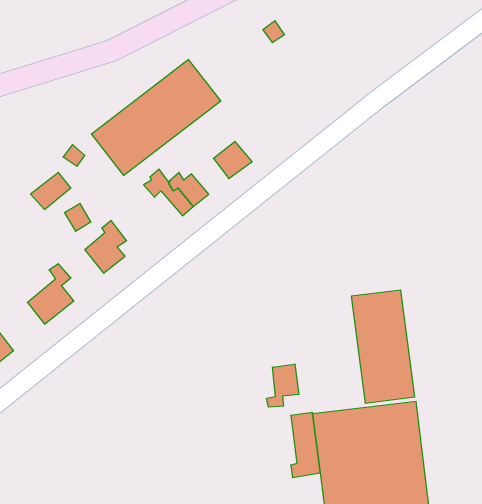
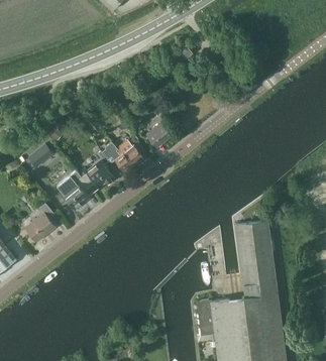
building: [91,59,221,176] -> none
building: none -> [79,162,113,190]
building: [267,364,299,407] -> none

